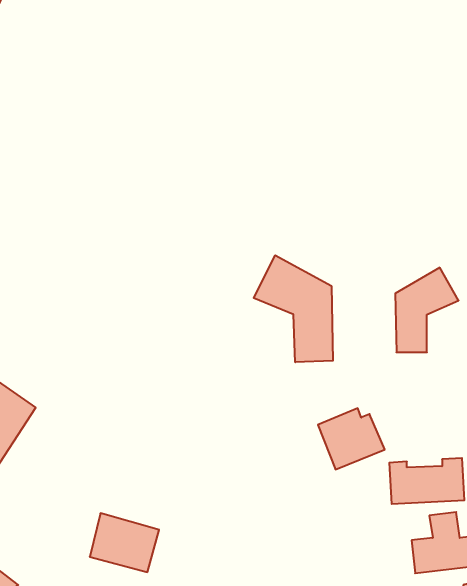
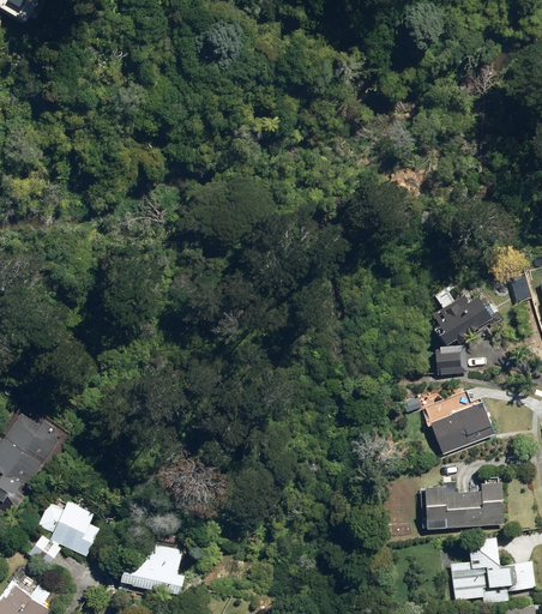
building: [254,255,333,362] -> none
building: [318,408,385,469] -> [424,392,493,455]
building: none -> [38,500,104,558]

